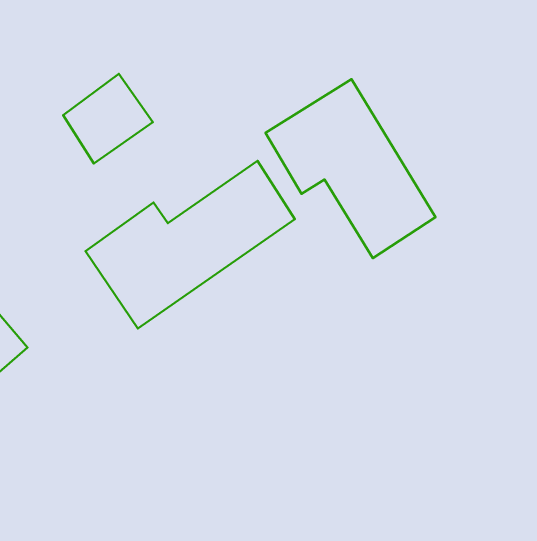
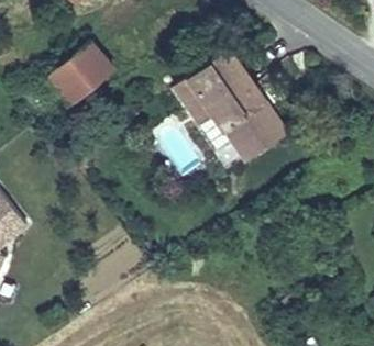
building: [86,161,295,328] -> none

